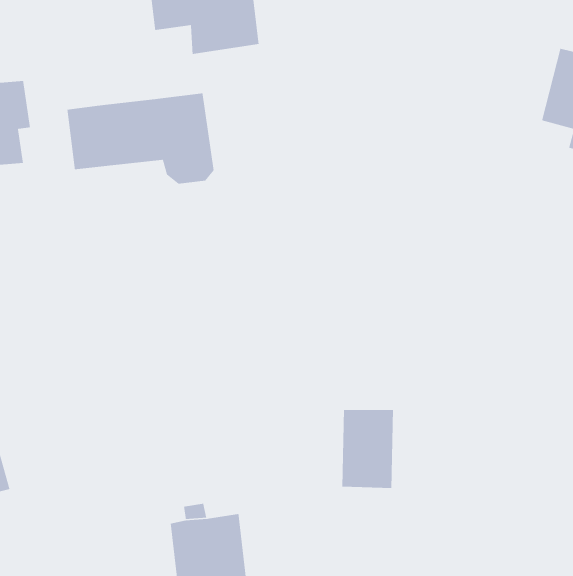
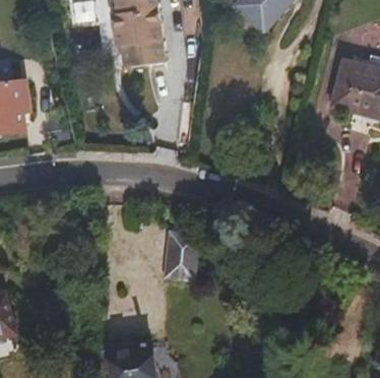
building: [66,93,214,184] -> none
building: [341,409,394,489] -> [167,239,198,287]

